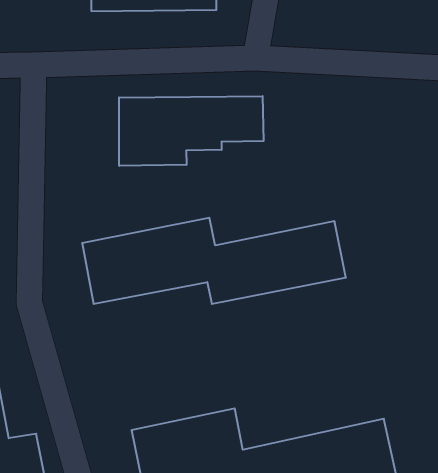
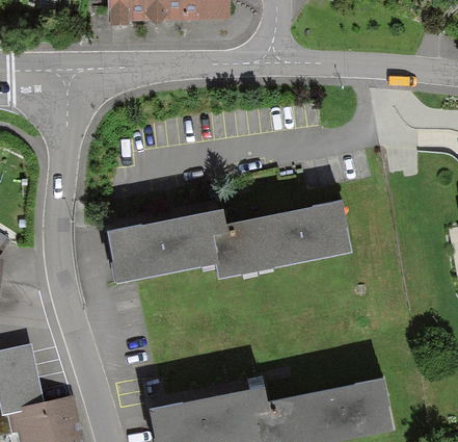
building: [119,96,264,166] -> none

